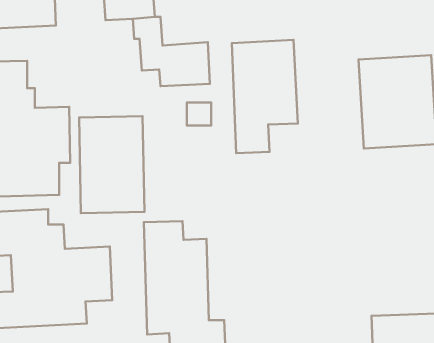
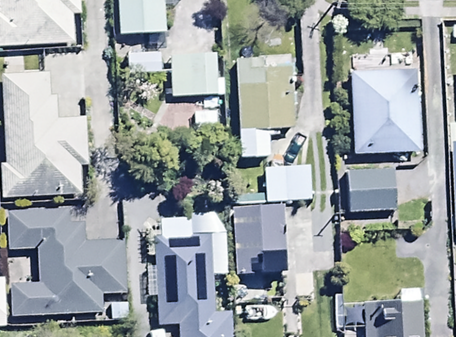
building: [79,116,144,213] -> none
building: none -> [264,164,309,199]
building: none -> [346,168,395,210]
building: none -> [233,206,286,277]

